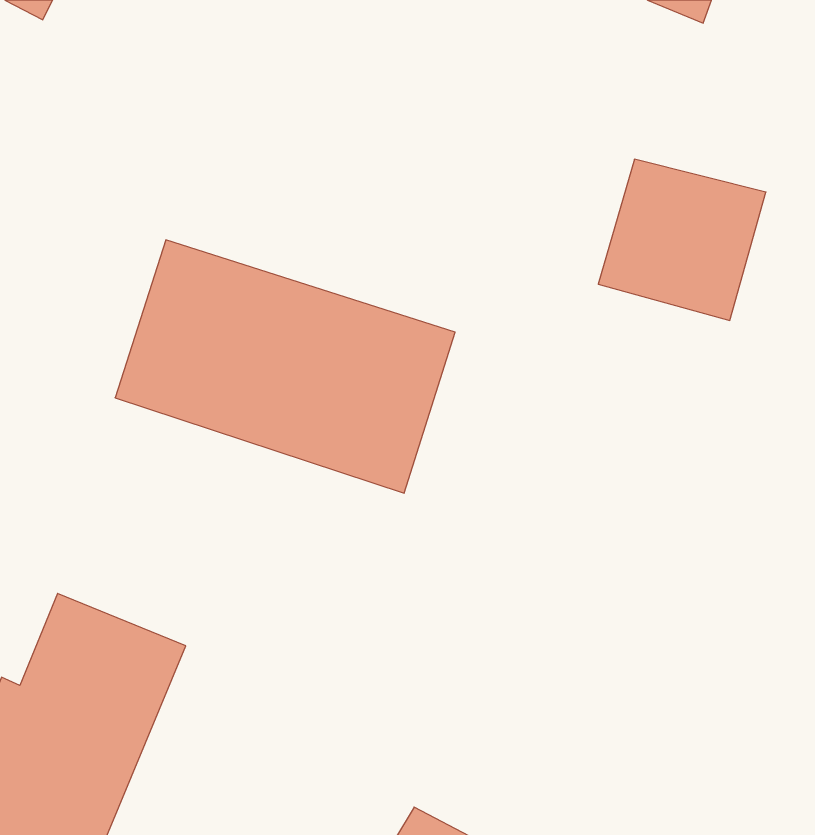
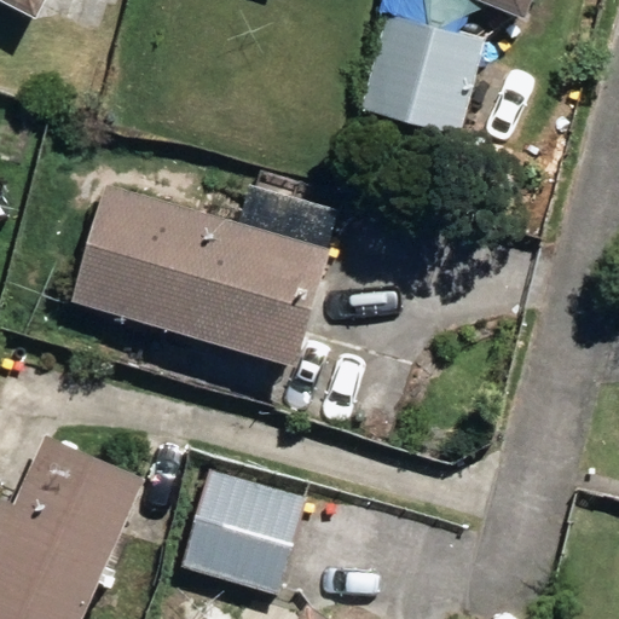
building: [598,159,766,320] -> [358,17,481,135]
building: none -> [177,472,302,600]

